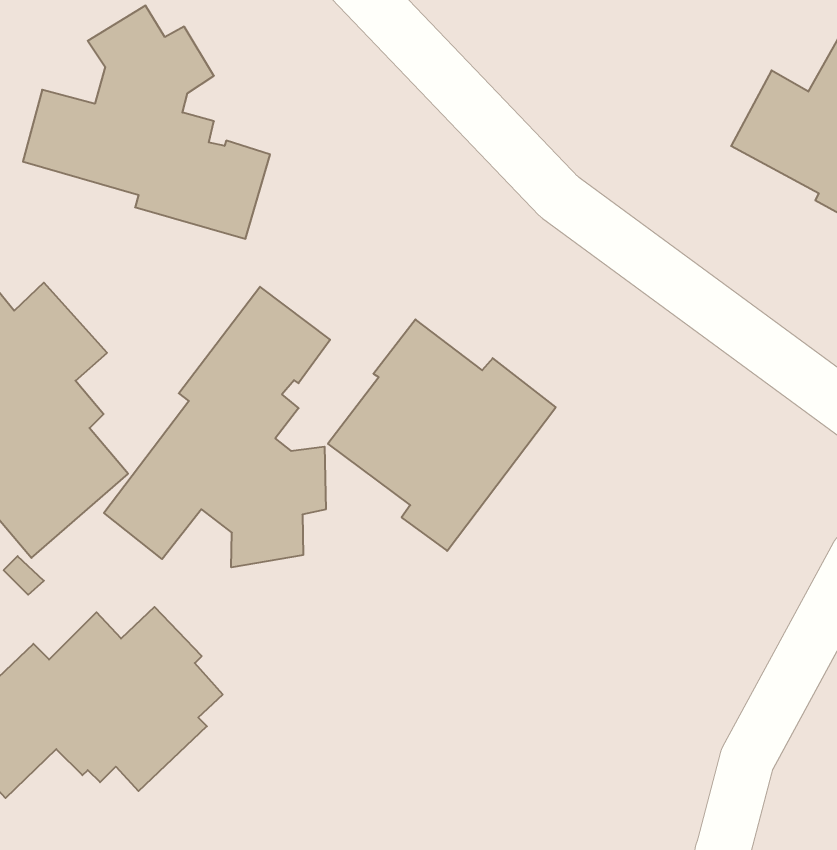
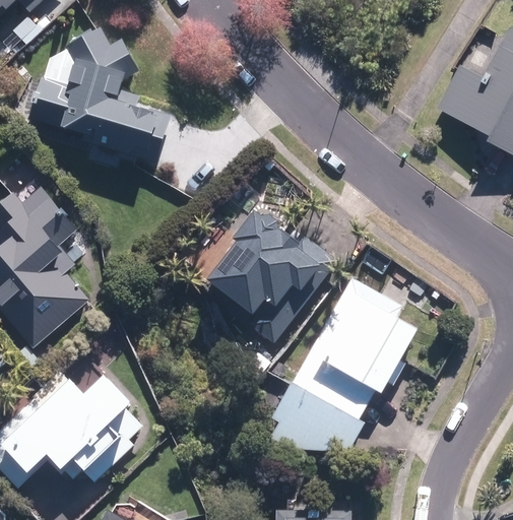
building: [104,287,330,567] -> none
building: none -> [271,275,418,451]

